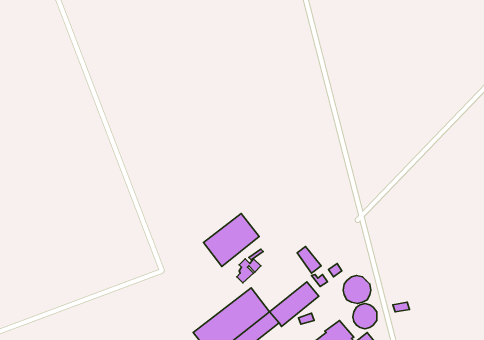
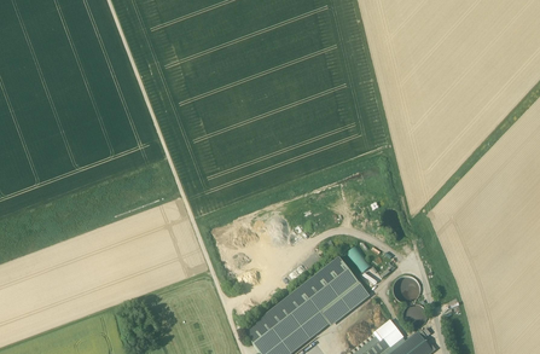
building: [204,213,259,267] -> [301,259,356,312]

